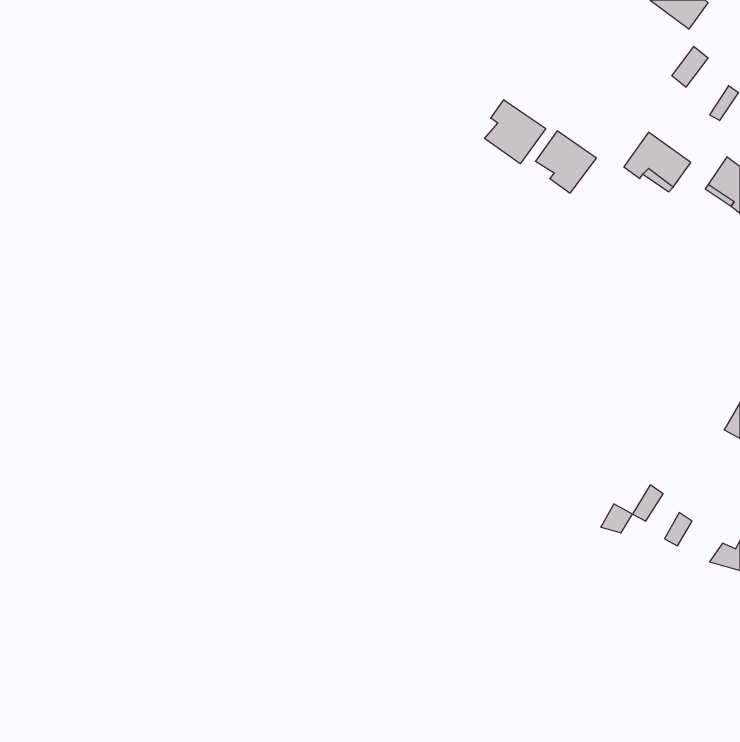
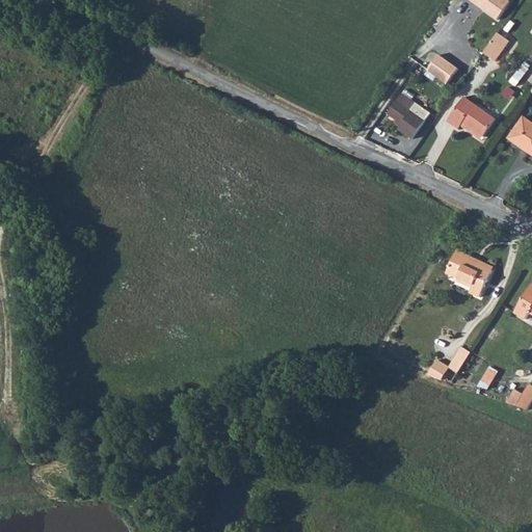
building: none -> [425,54,455,84]
building: [485,100,546,164] -> none
building: none -> [453,252,499,298]

